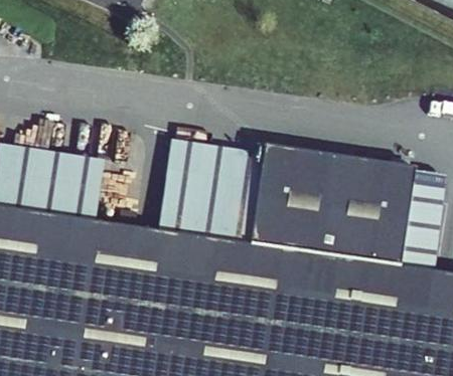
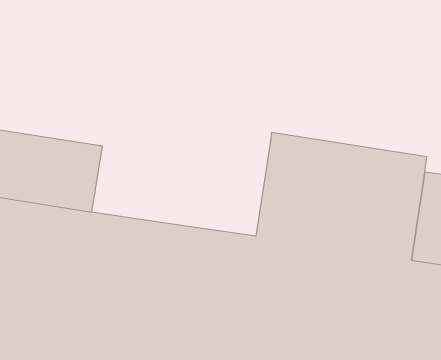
building: [163,140,269,245] -> none

